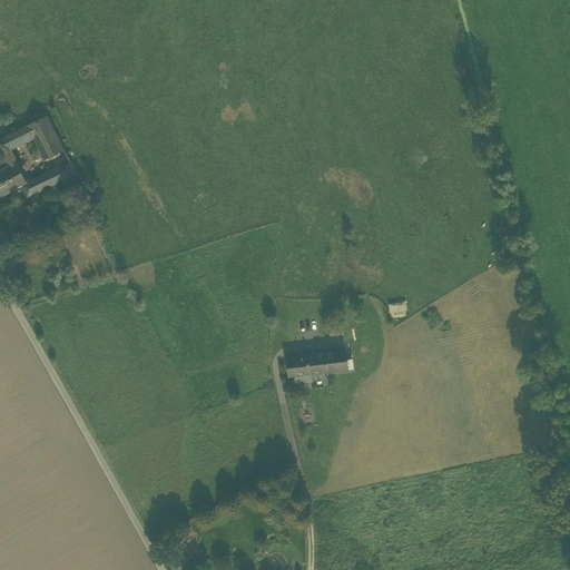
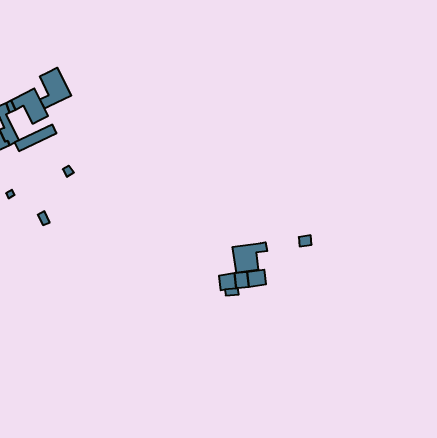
building: none -> [40,68,71,109]
building: none -> [233,242,267,273]

